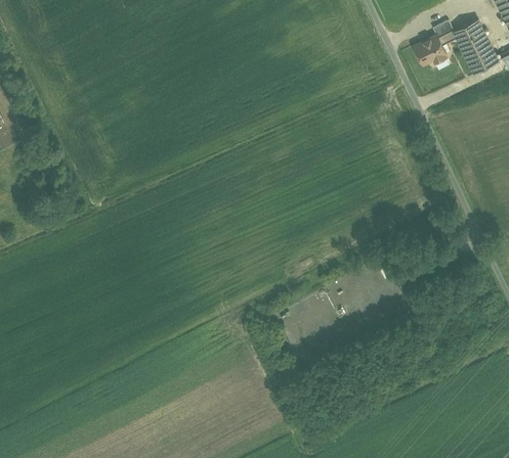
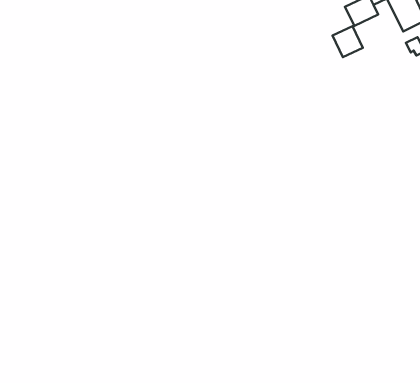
building: none -> [332,26,363,57]

